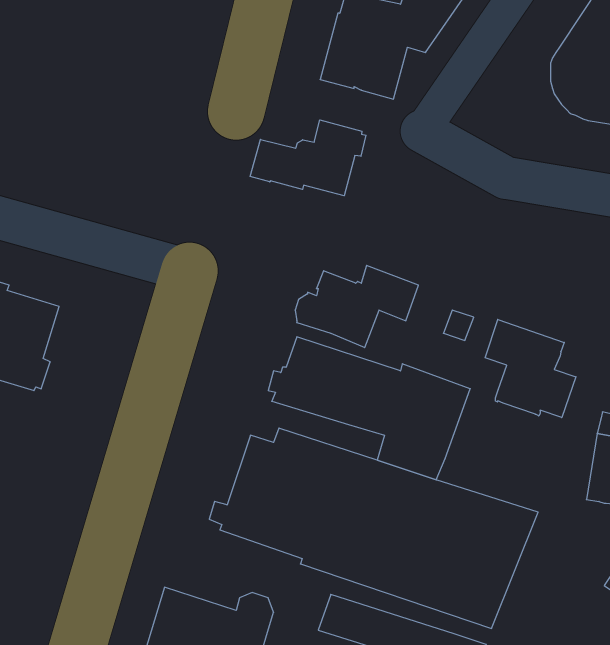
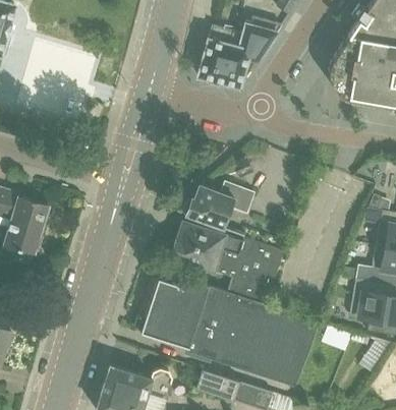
building: [250,120,366,196] -> none
building: [485,319,576,418] -> none

